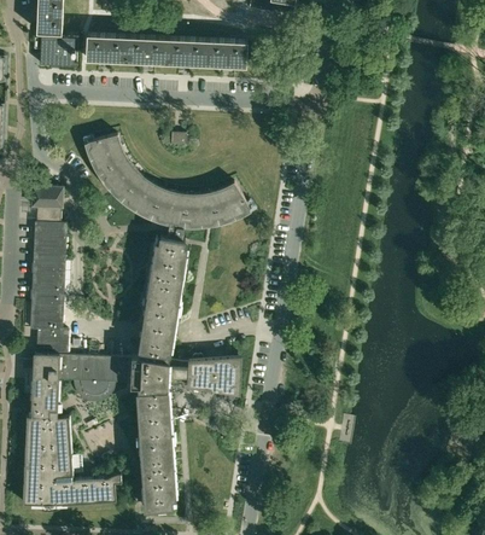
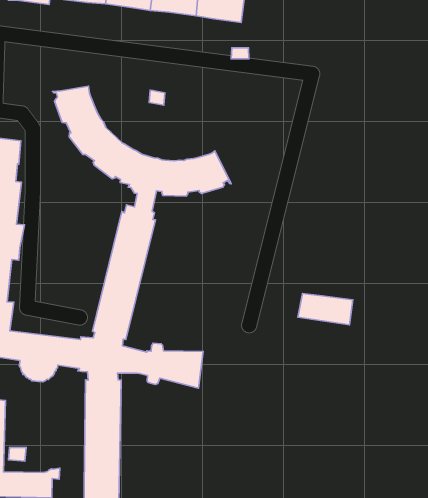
building: none -> [298,293,353,325]

